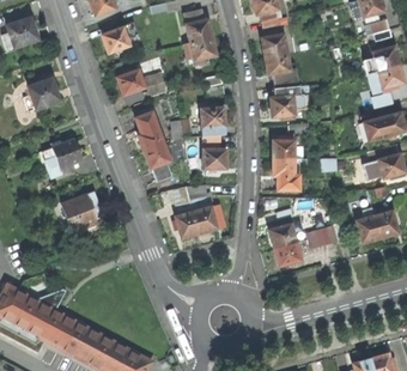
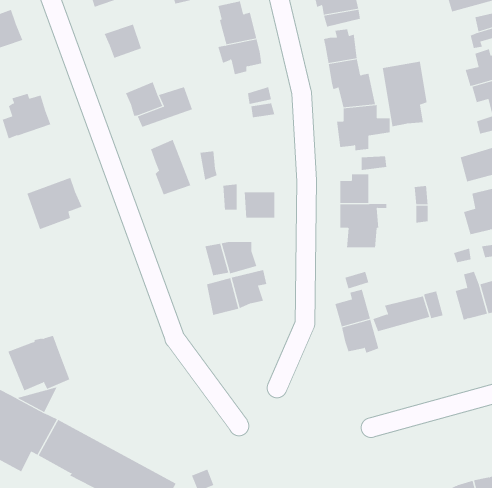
building: none -> [382,61,427,127]
building: [201,107,225,134] -> none
building: [144,144,171,181] -> none
building: [63,190,109,231] -> [7,335,70,391]

